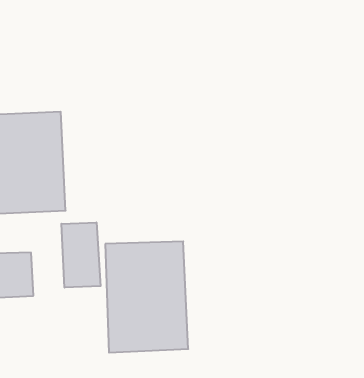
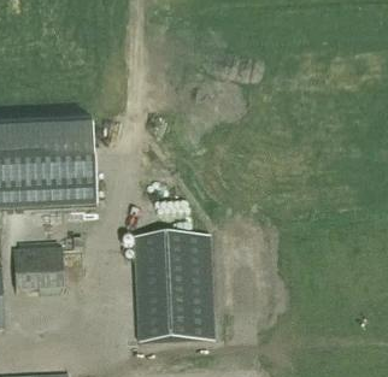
building: [61,222,101,288] -> none

